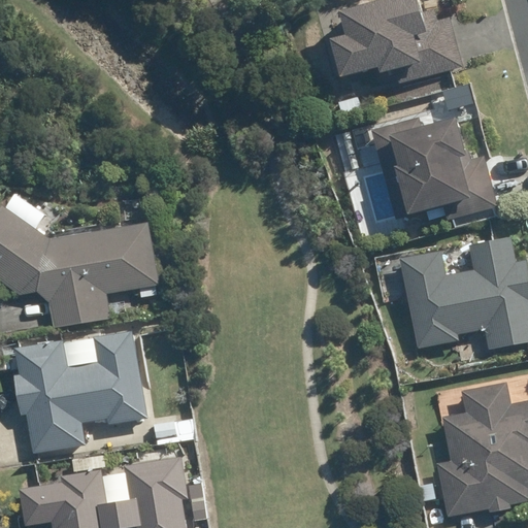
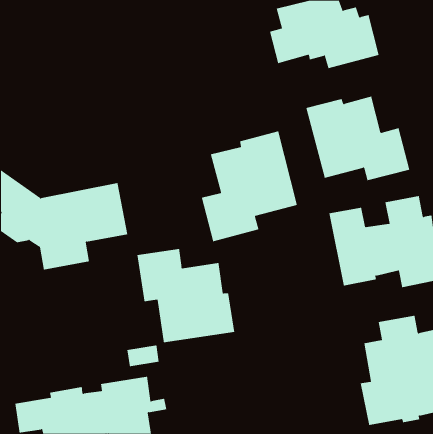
building: none -> [201,131,297,242]
building: none -> [137,248,235,343]
building: [14,331,144,454] -> none

